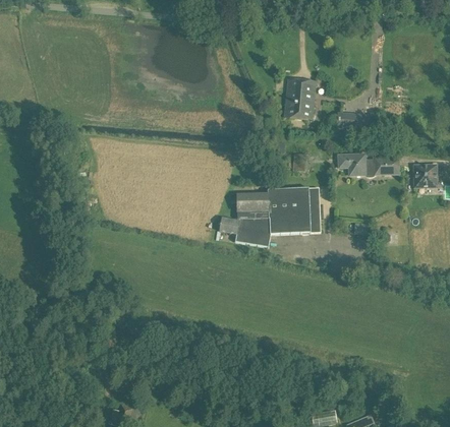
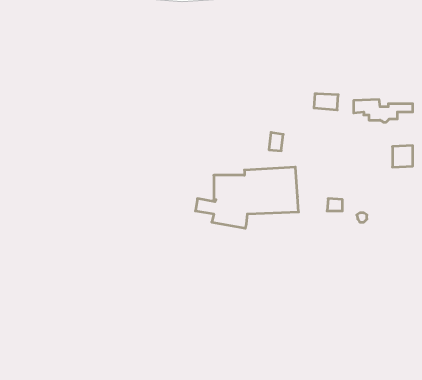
building: [285,78,316,118] -> none
building: [339,154,398,176] -> [354,100,413,122]

